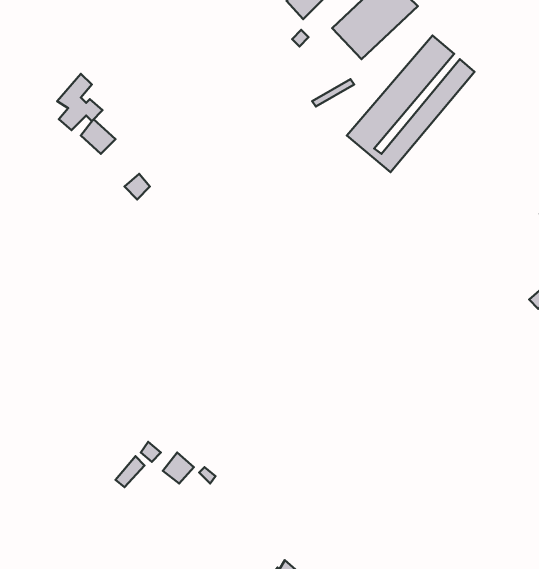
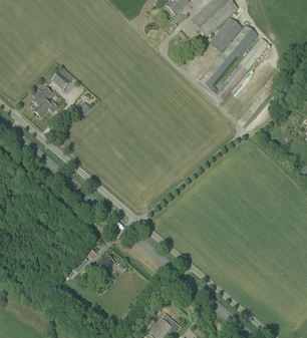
building: none -> [210,16,242,50]
building: [57,74,103,130] -> [32,85,57,116]

